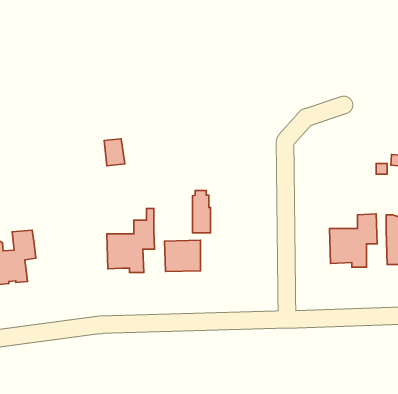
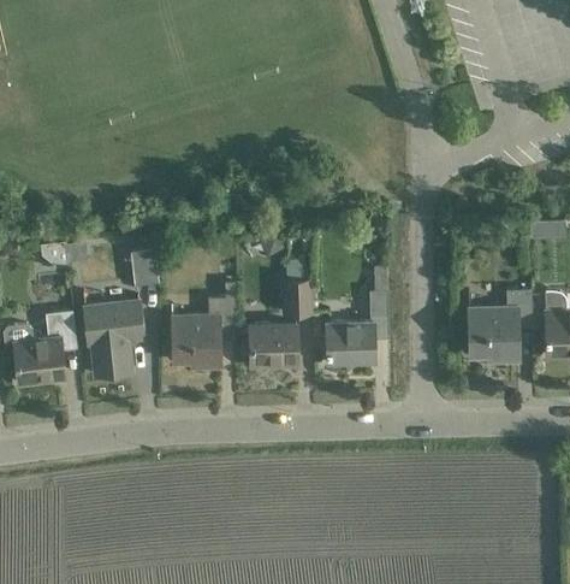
building: [104,139,125,166] -> [131,249,159,285]
building: none -> [326,275,388,364]
building: none -> [84,301,143,376]

